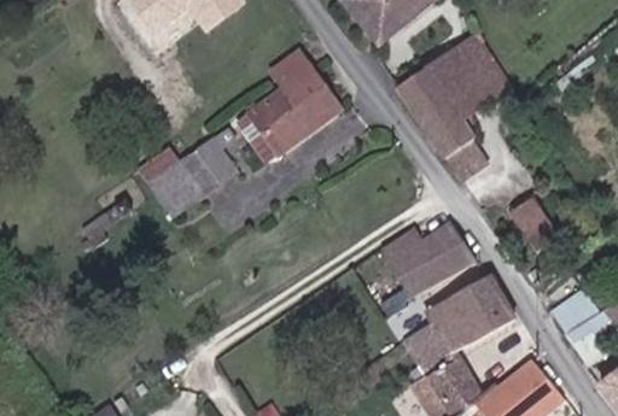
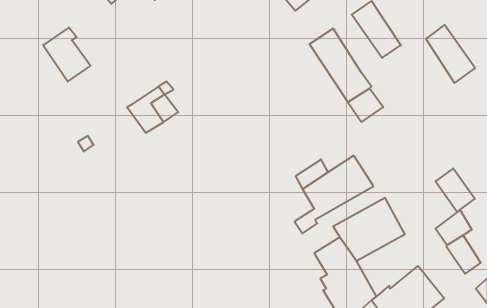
building: [238,51,340,163] -> none
building: [426,51,486,122] -> [426,25,475,83]
building: [139,148,197,215] -> [43,27,90,82]
building: [509,199,558,252] -> [436,168,475,212]

